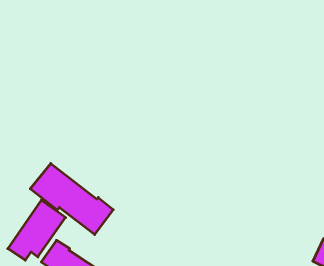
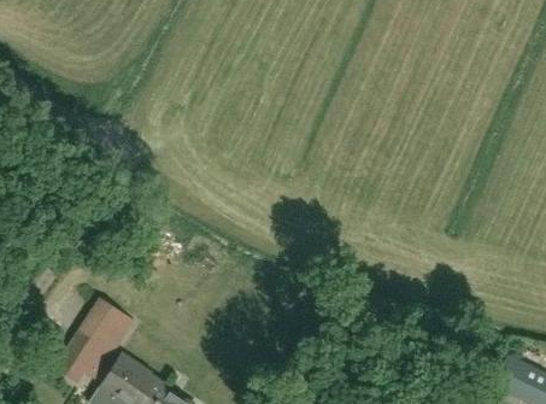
building: [30,163,113,235] -> none

